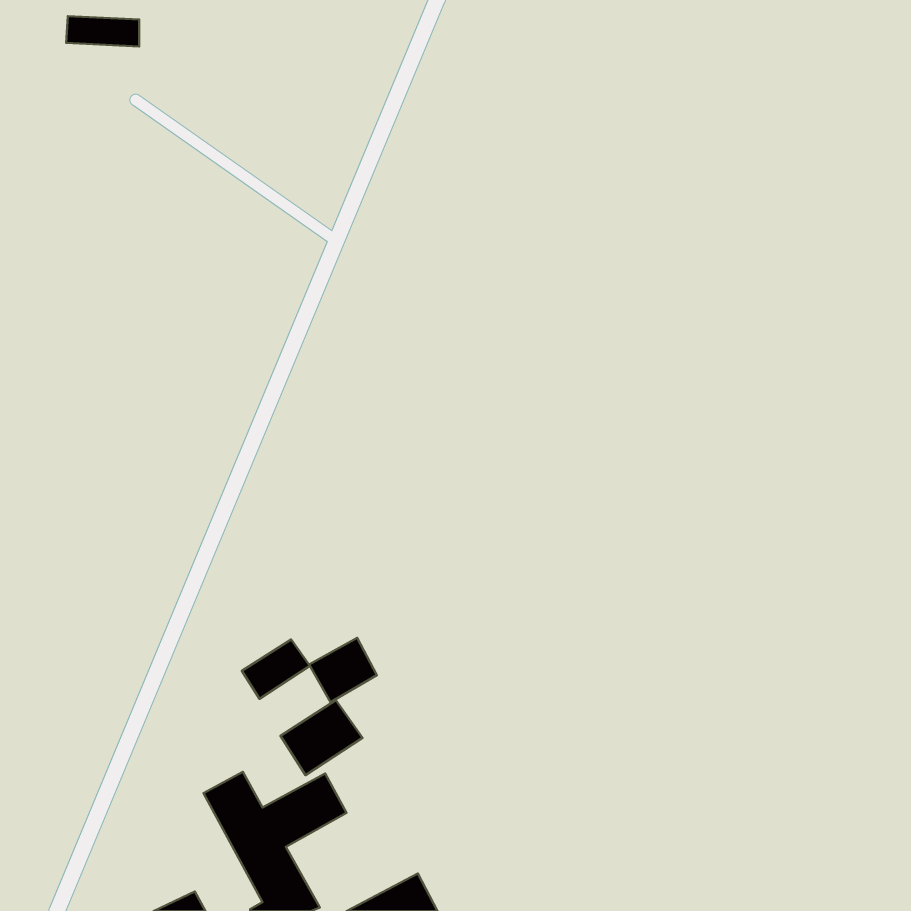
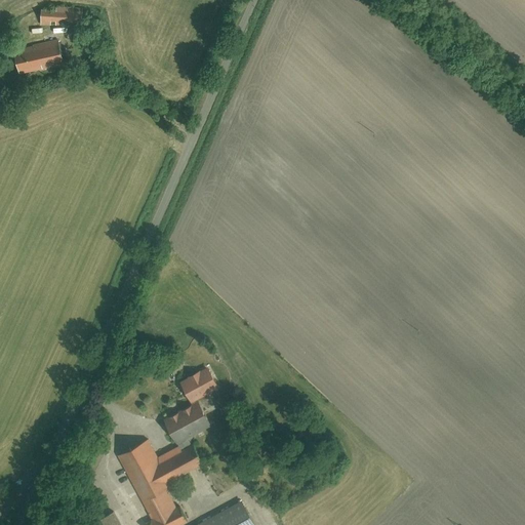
building: none -> [13,41,63,76]
building: [242,639,310,699] -> none

